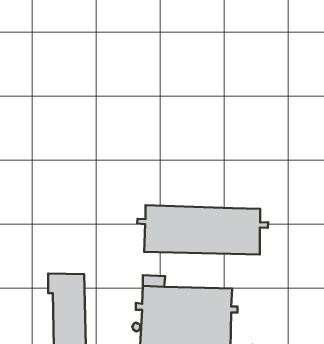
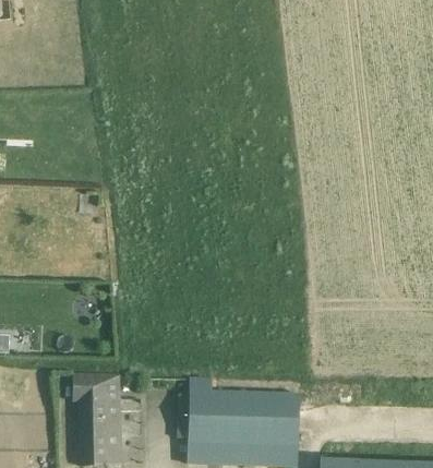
building: [137,205,268,255] -> none

